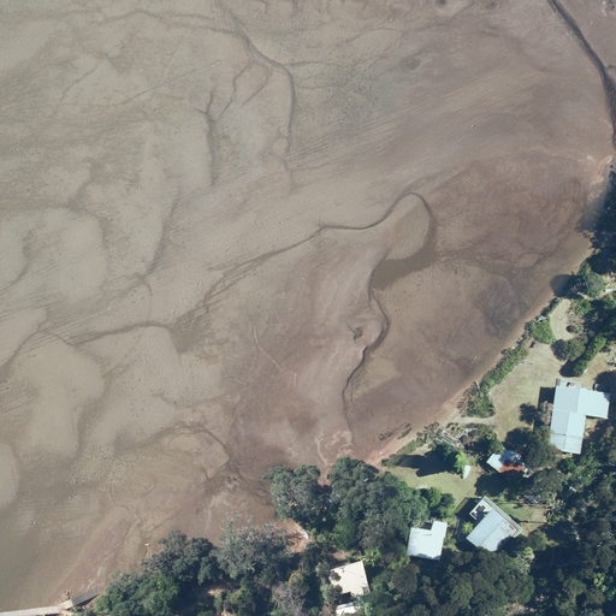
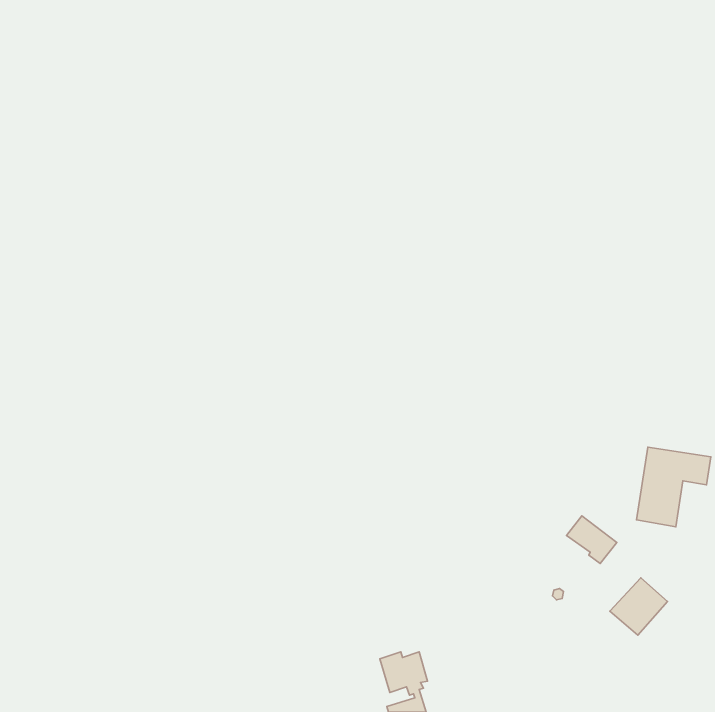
building: [467,507,516,556] -> [610,578,667,635]
building: [407,519,446,557] -> none

